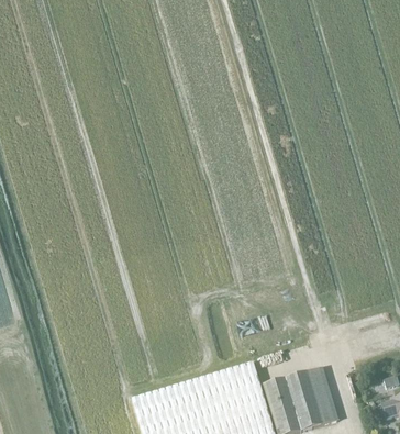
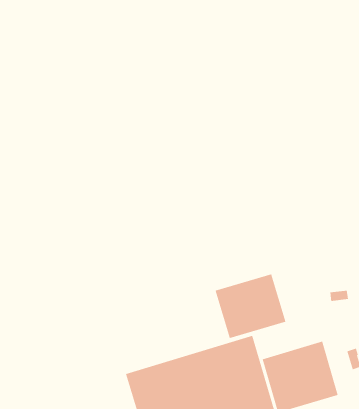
building: none -> [215,273,286,339]

